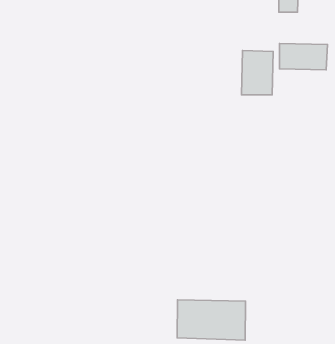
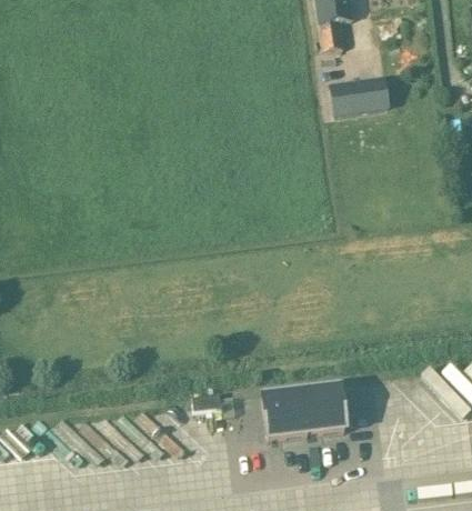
building: [242,51,273,95] -> none

